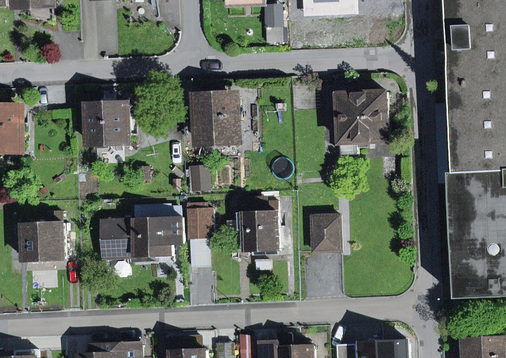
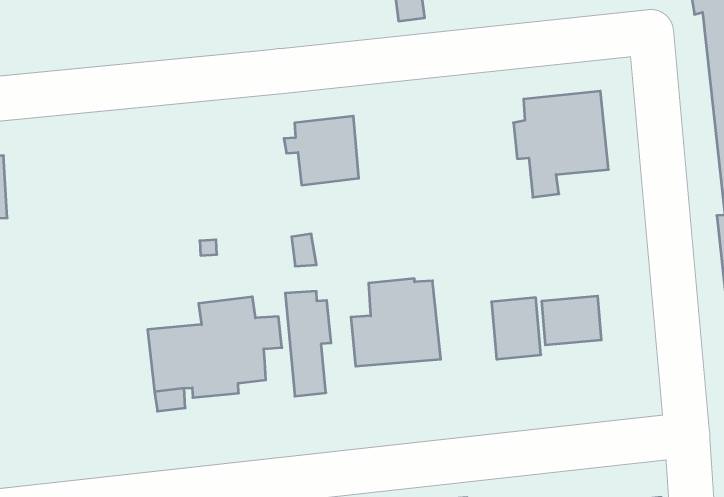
building: [87,89,128,144] -> none
building: none -> [542,296,601,345]
building: [15,220,64,260] -> none

